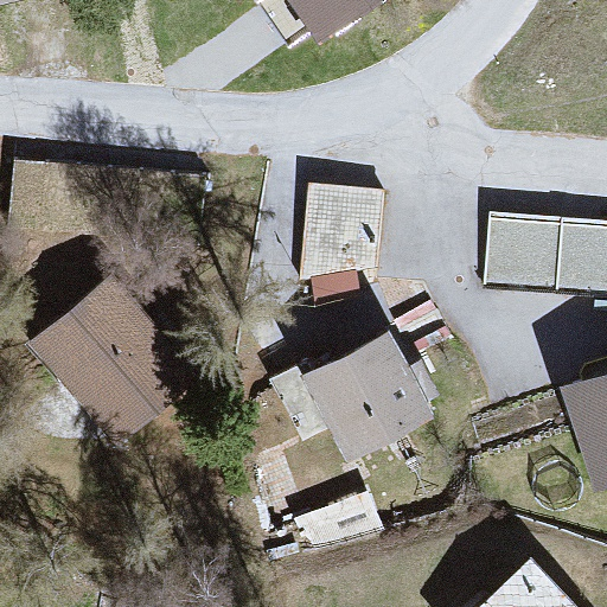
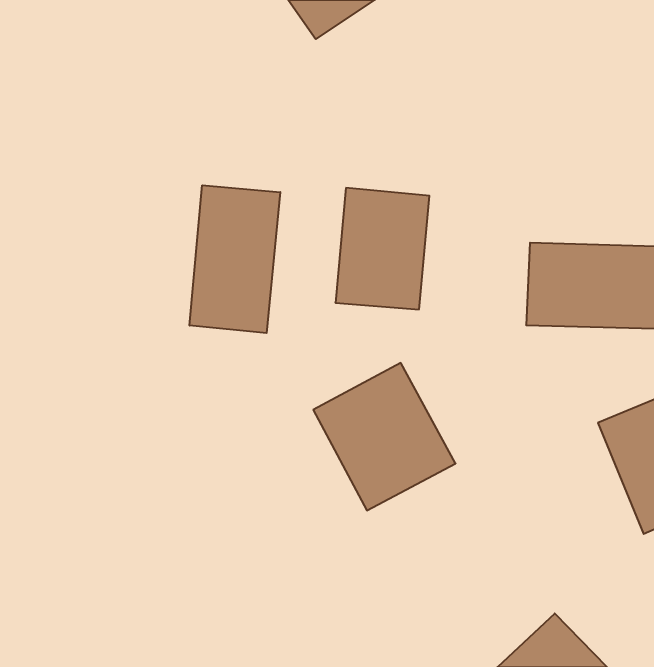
building: none -> [190,185,280,333]
building: [28,279,196,447] -> none

